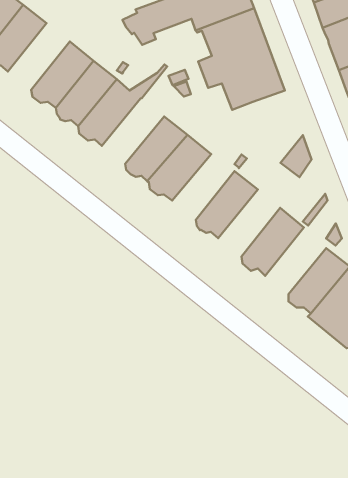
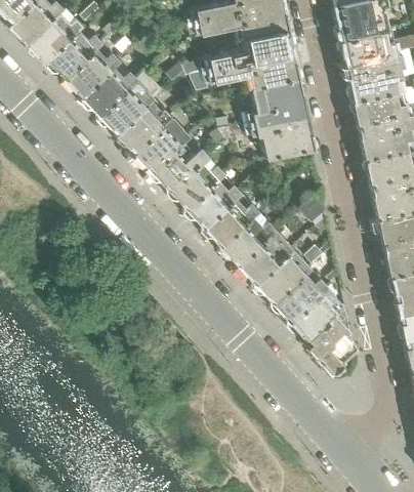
building: none -> [82,59,138,114]
building: none -> [152,135,208,189]
building: none -> [203,192,260,245]
building: none -> [238,228,294,282]
building: none -> [273,265,329,320]

